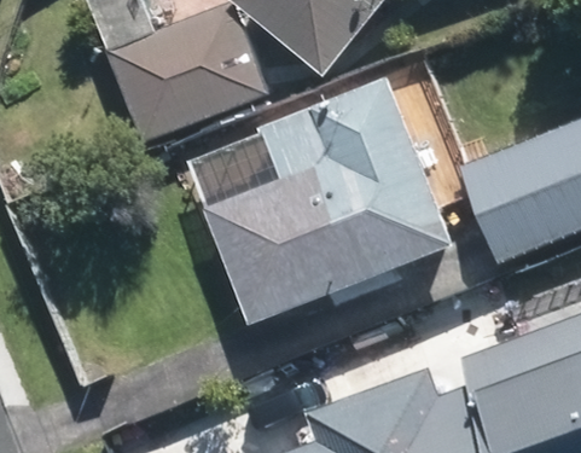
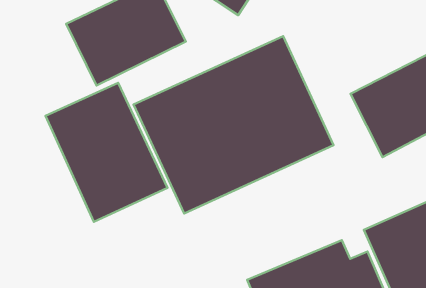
building: none -> [45,83,167,222]

